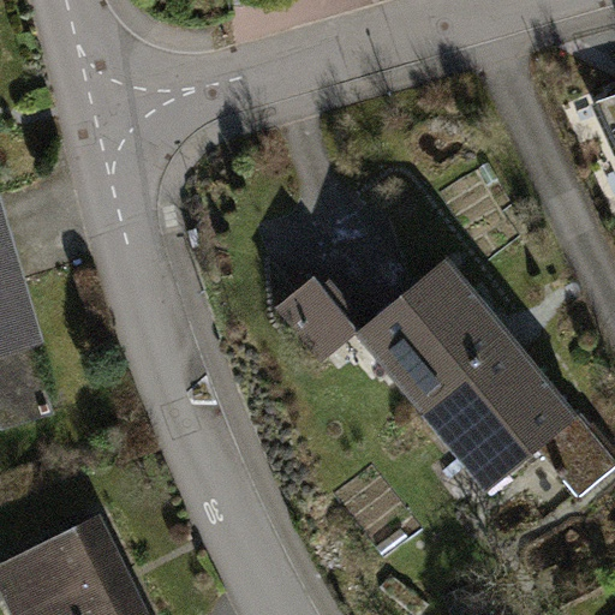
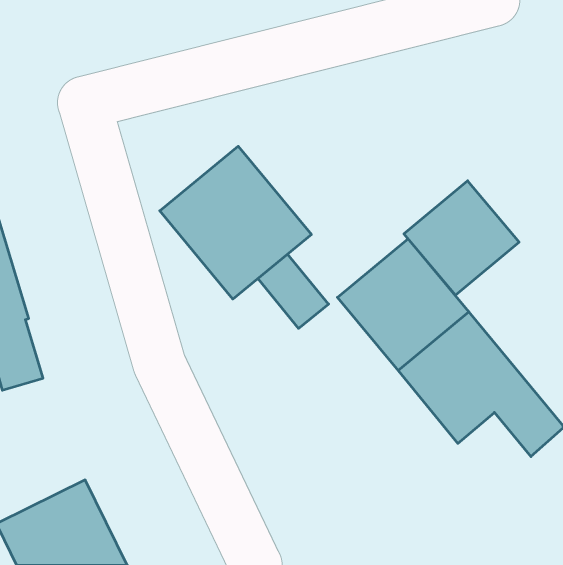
building: none -> [160,146,311,299]
building: none -> [404,181,519,295]

